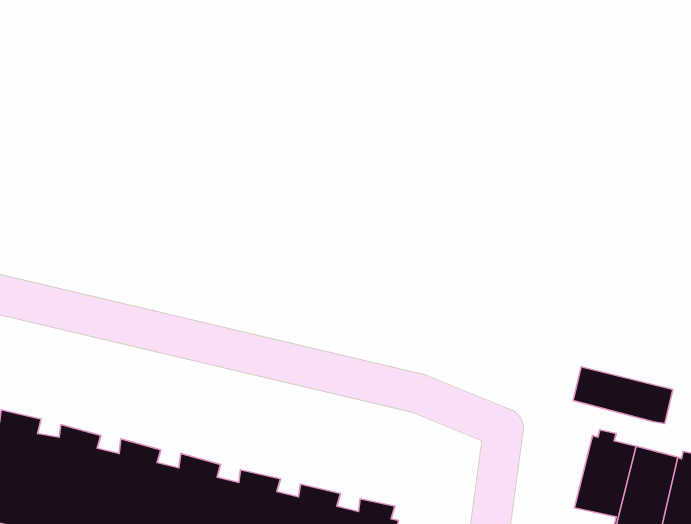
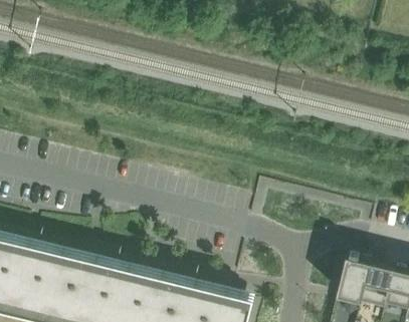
building: [573,367,673,423] -> none

